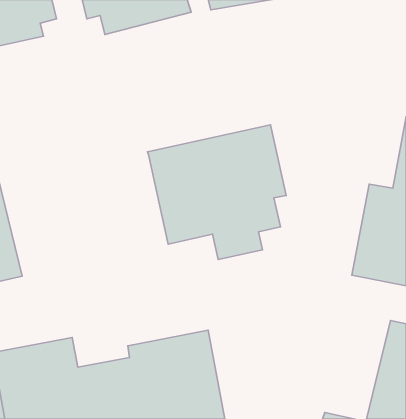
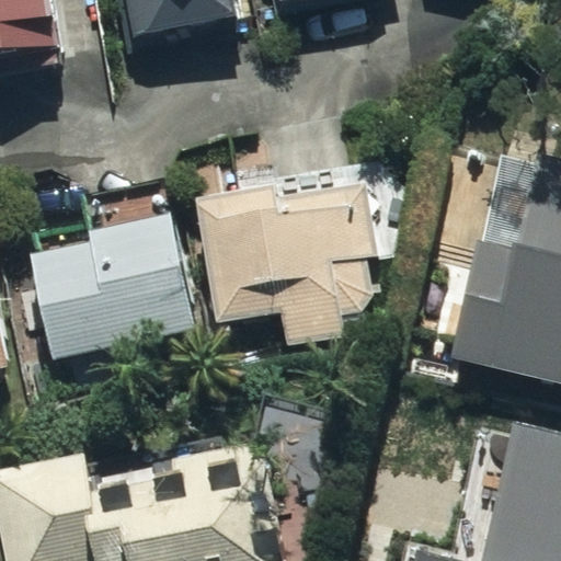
building: none -> [35,186,205,365]

